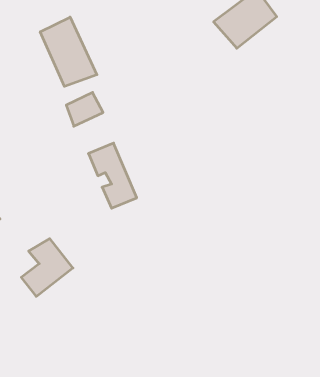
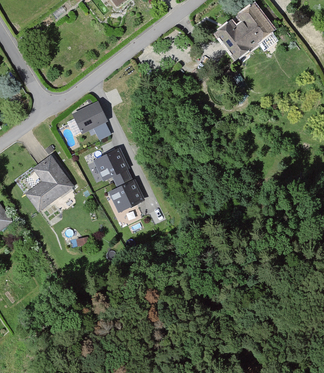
building: [40,17,97,86] -> none
building: [21,239,73,296] -> [25,155,74,210]

